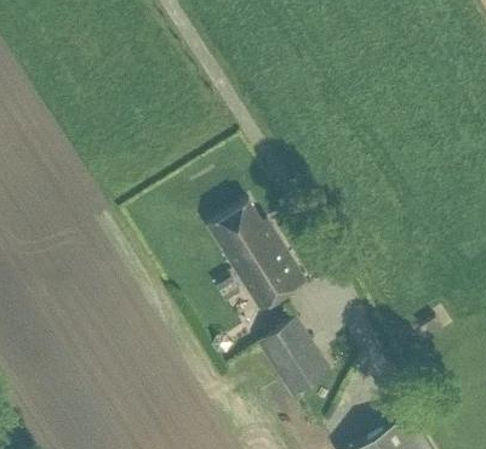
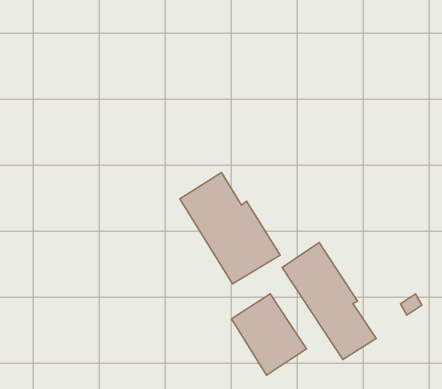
building: none -> [282,243,376,360]

